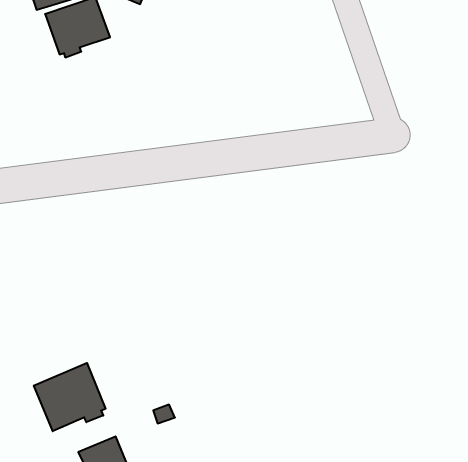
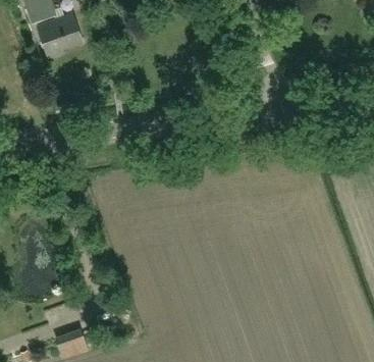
building: [34,363,106,431] -> none

